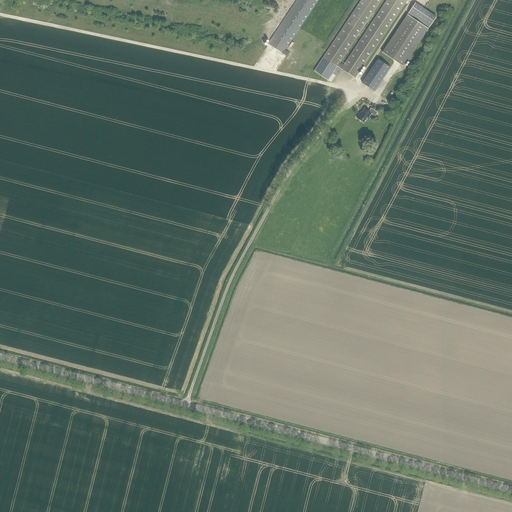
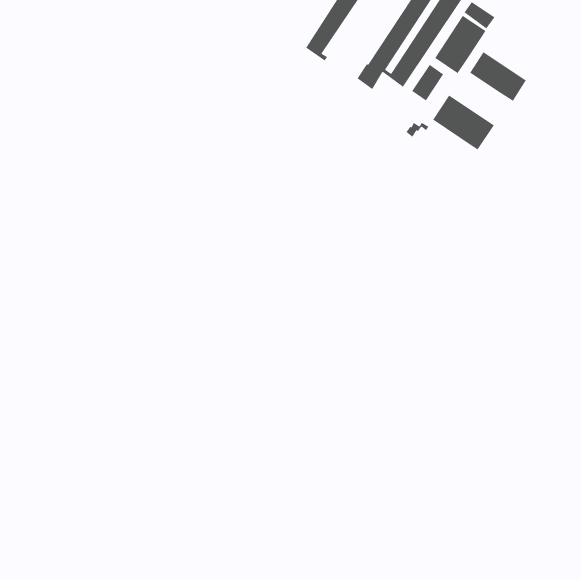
building: none -> [469,51,527,102]
building: none -> [432,94,495,151]

